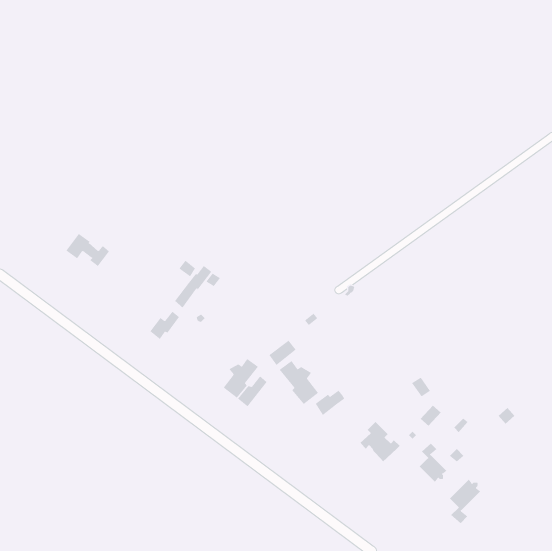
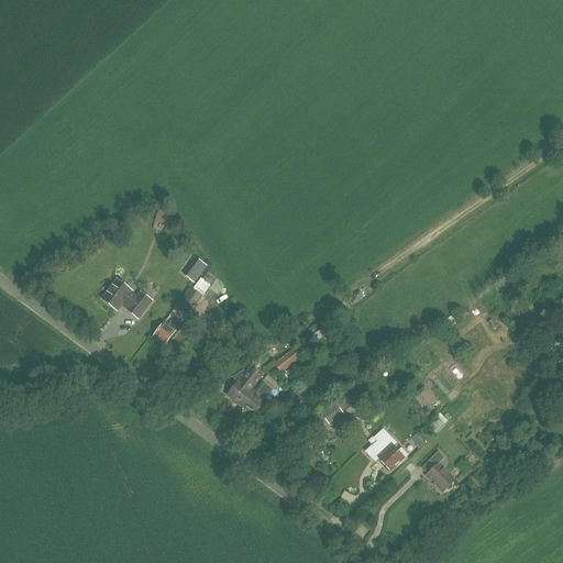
building: [66,233,110,267] -> [103,280,148,314]
building: [279,360,319,405] -> none
building: [449,479,481,524] -> none

